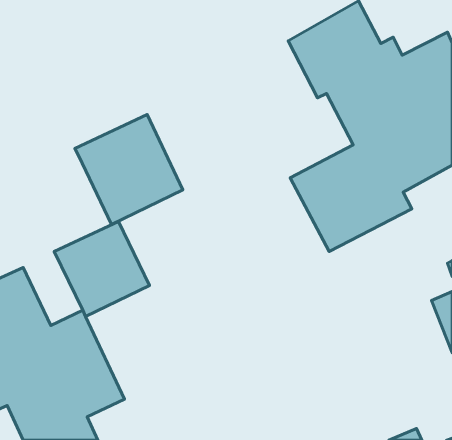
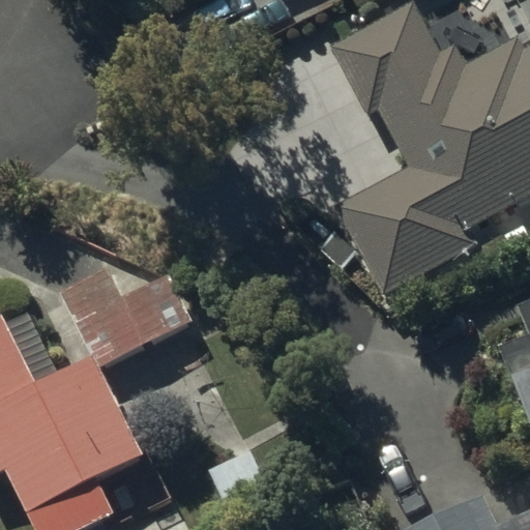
building: [75,114,183,225] -> none

